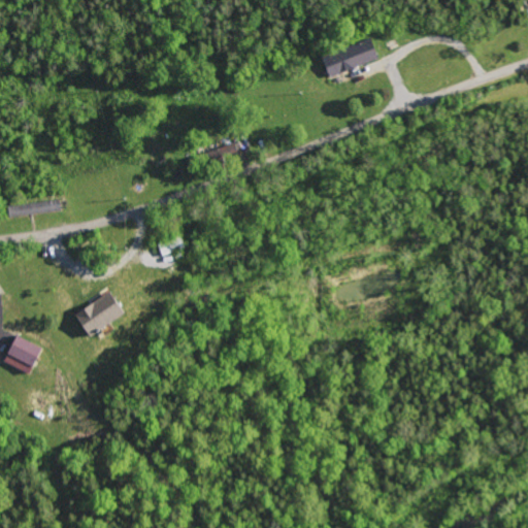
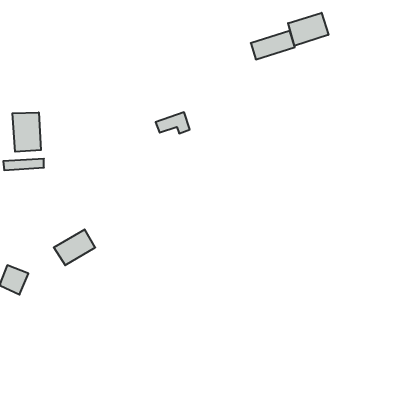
building: none -> [288,13,328,46]
building: none -> [12,112,41,152]

